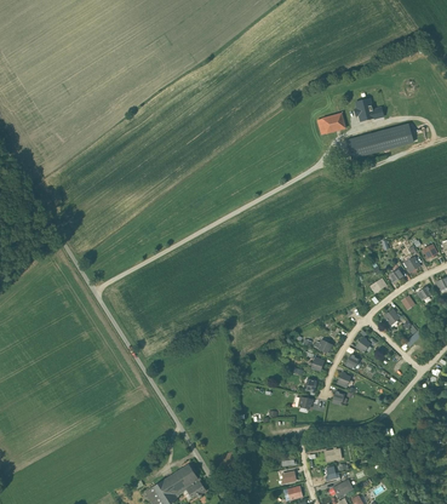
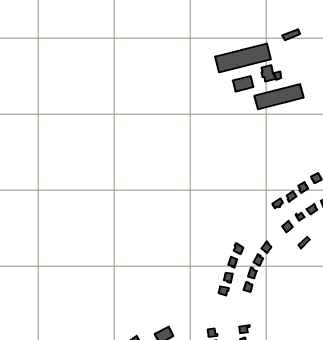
building: none -> [215,44,271,72]

